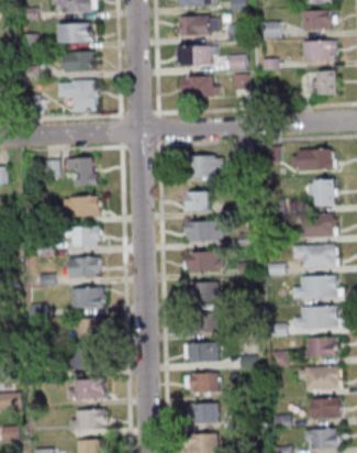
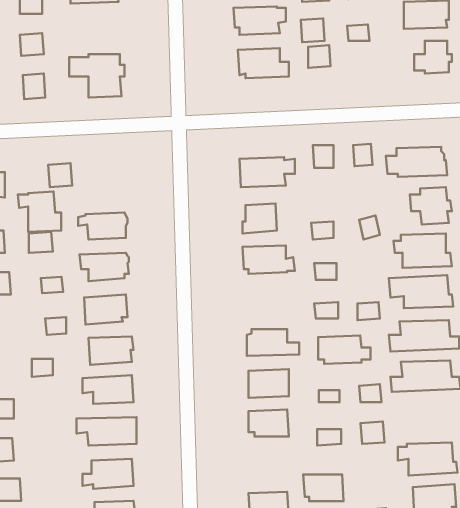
building: [64,51,93,73] -> none
building: [66,157,98,187] -> [18,192,61,232]
building: [186,252,224,273] -> [318,336,370,364]
building: [304,336,339,358] -> none
building: [189,373,219,393] -> [303,474,344,501]

